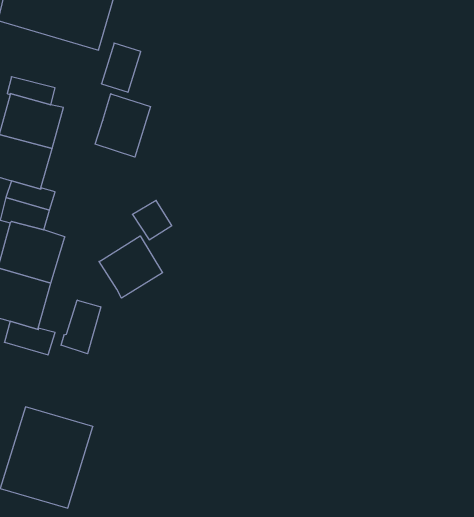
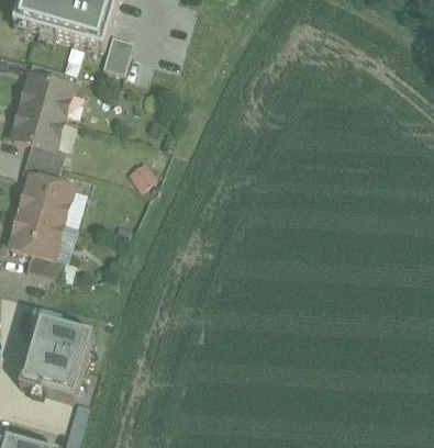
building: [95,94,151,157] -> none
building: [99,236,163,298] -> none
building: [61,300,101,354] -> none

